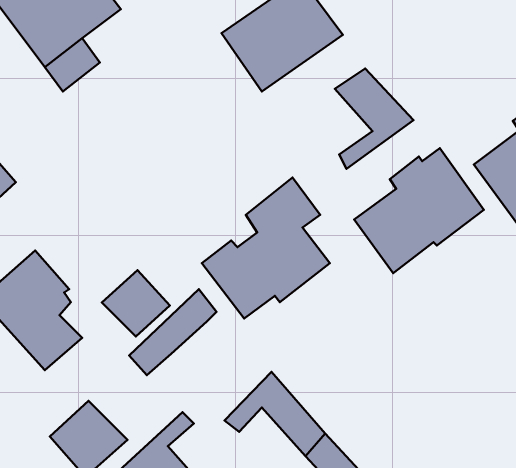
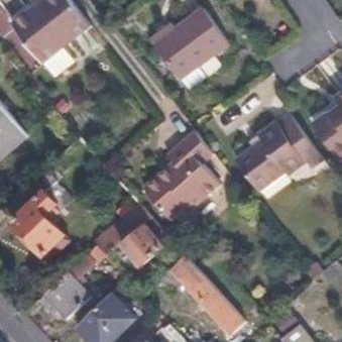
building: [335,69,414,169] -> none
building: [102,270,170,336] -> [120,222,162,263]

